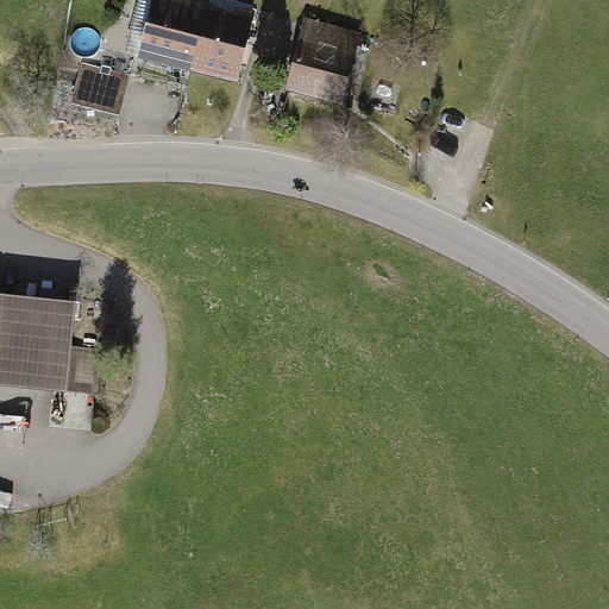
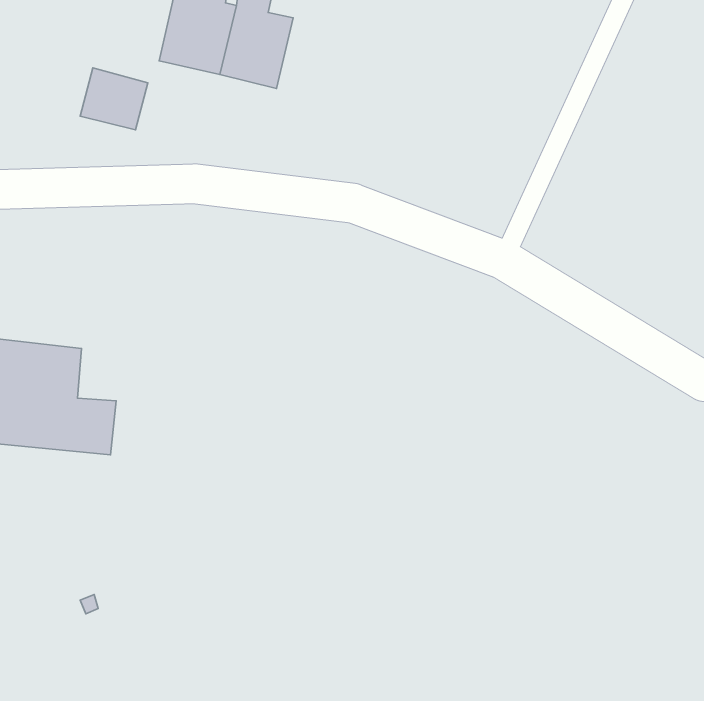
building: [283,17,359,107] -> none

